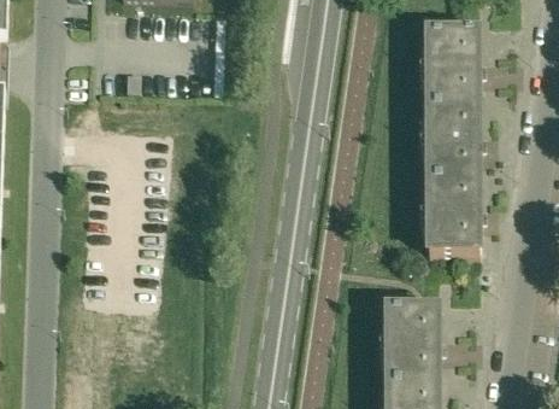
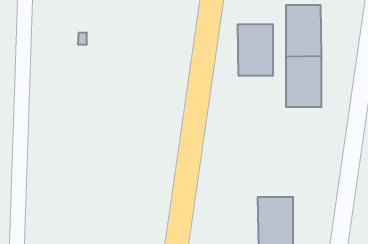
building: [426,181,478,255] -> [237,25,273,75]

